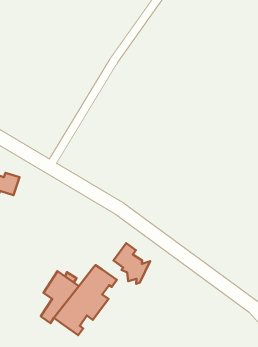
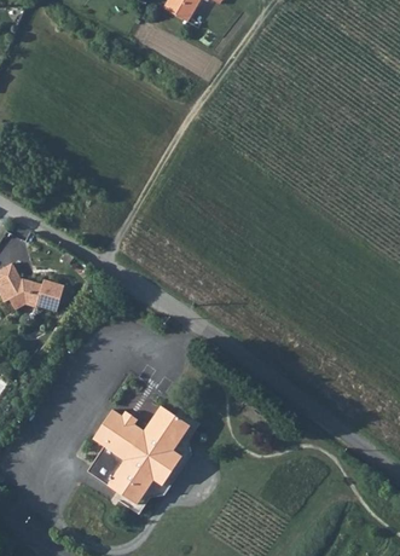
building: [114,243,150,284] -> none

